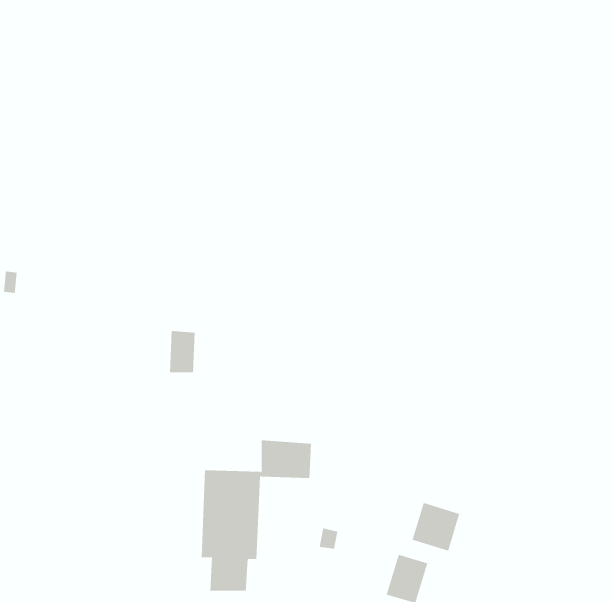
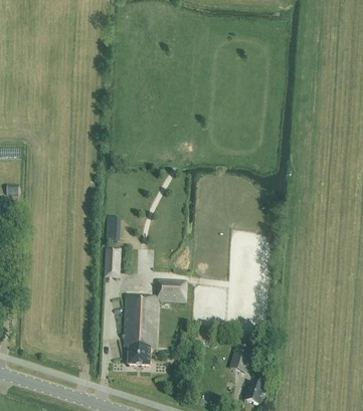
building: none -> [104,245,122,277]
building: [412,502,460,552] -> none

